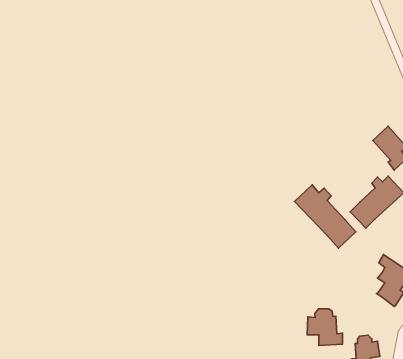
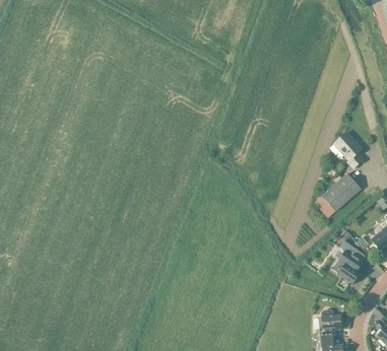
building: [295,185,356,248] -> none
building: [307,309,343,346] -> none

